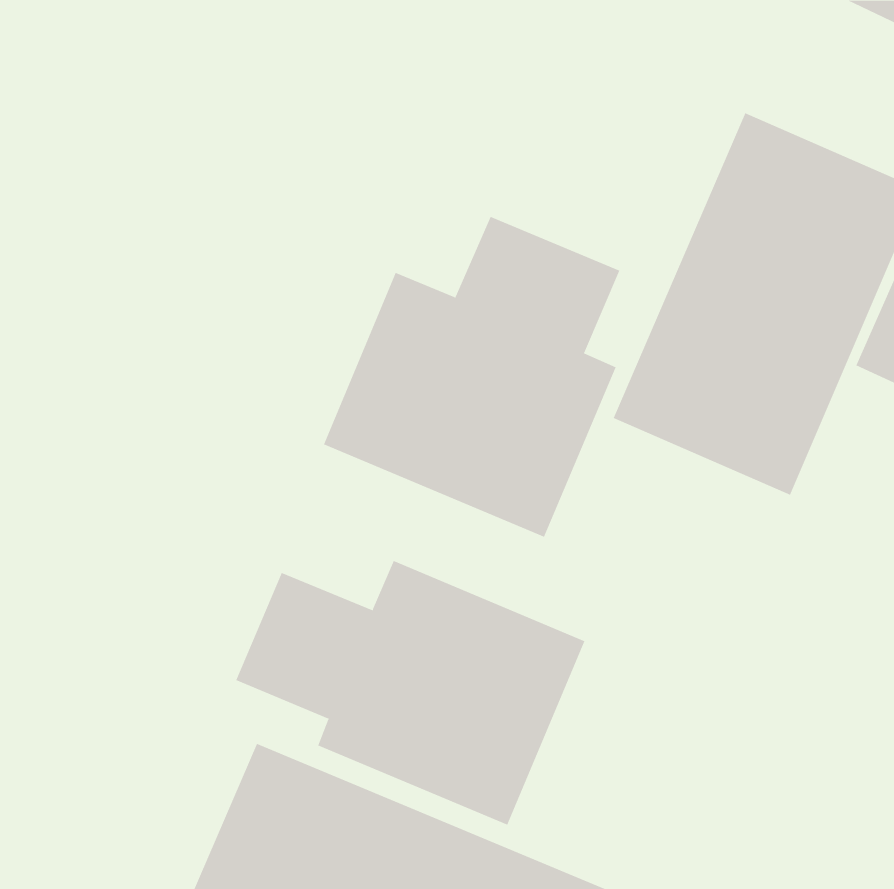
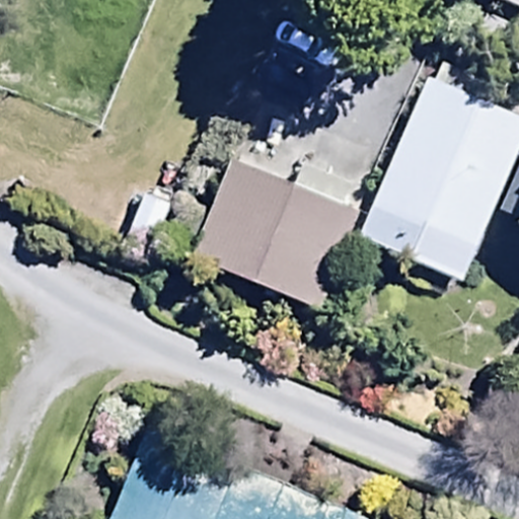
building: [236,560,585,826] -> none

